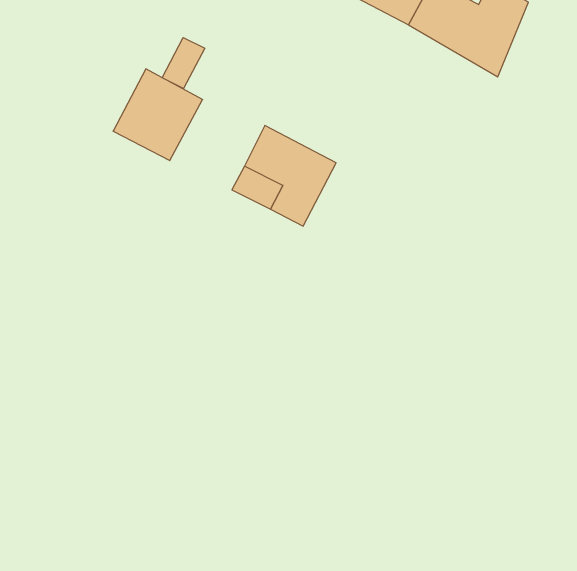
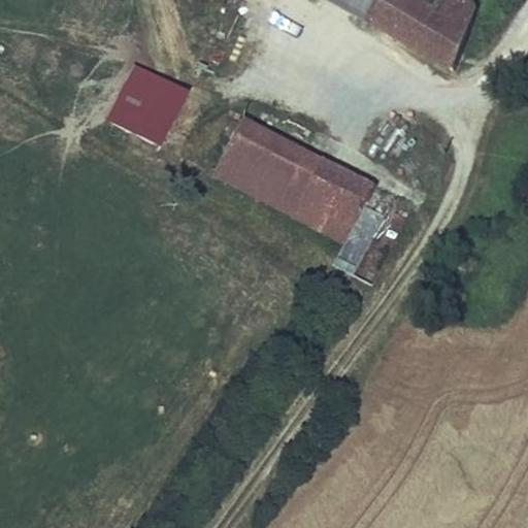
building: [162,38,205,88] -> none
building: none -> [277,148,375,241]

